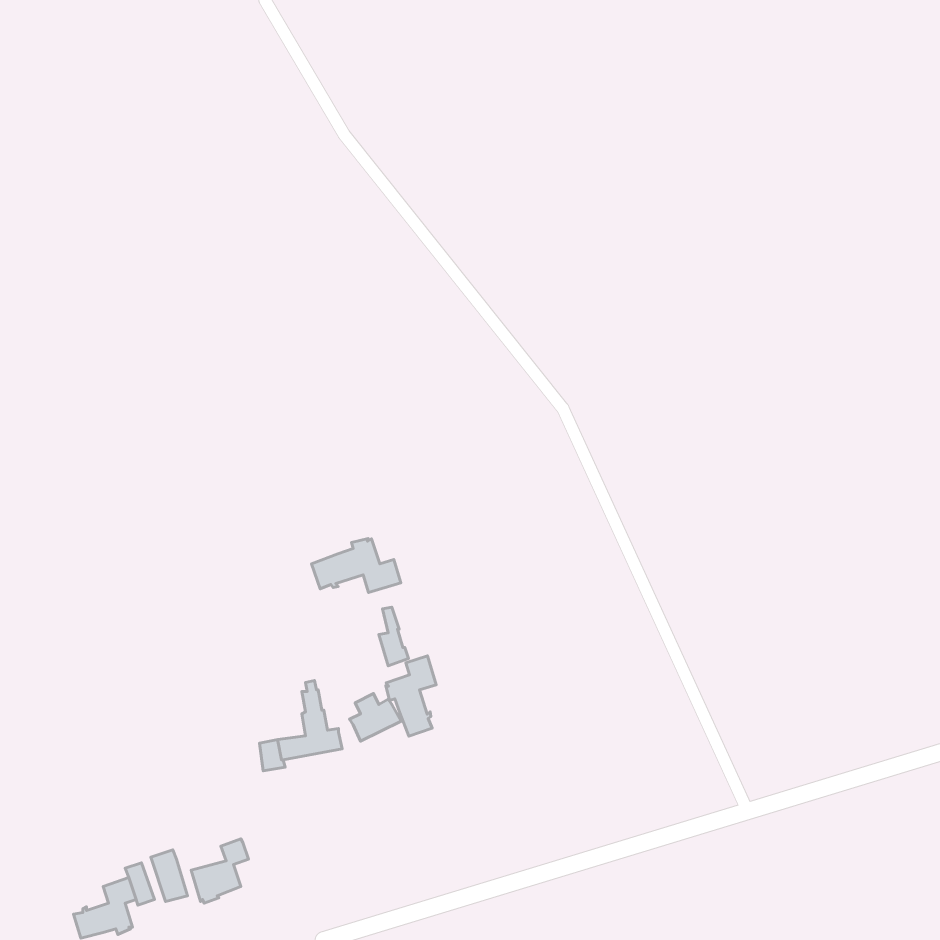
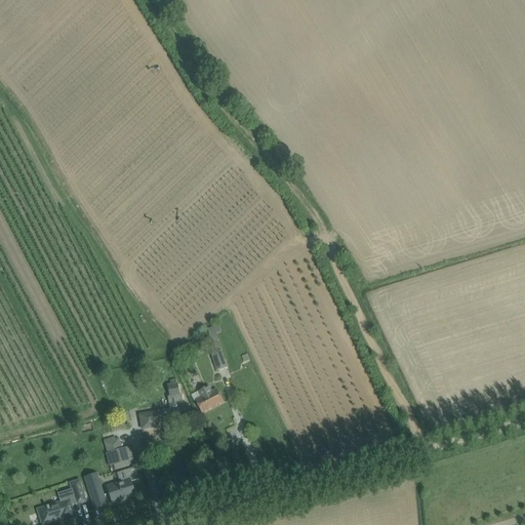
building: [312,539,401,592] -> none
building: [386,656,436,736] -> none
building: none -> [104,441,133,467]

